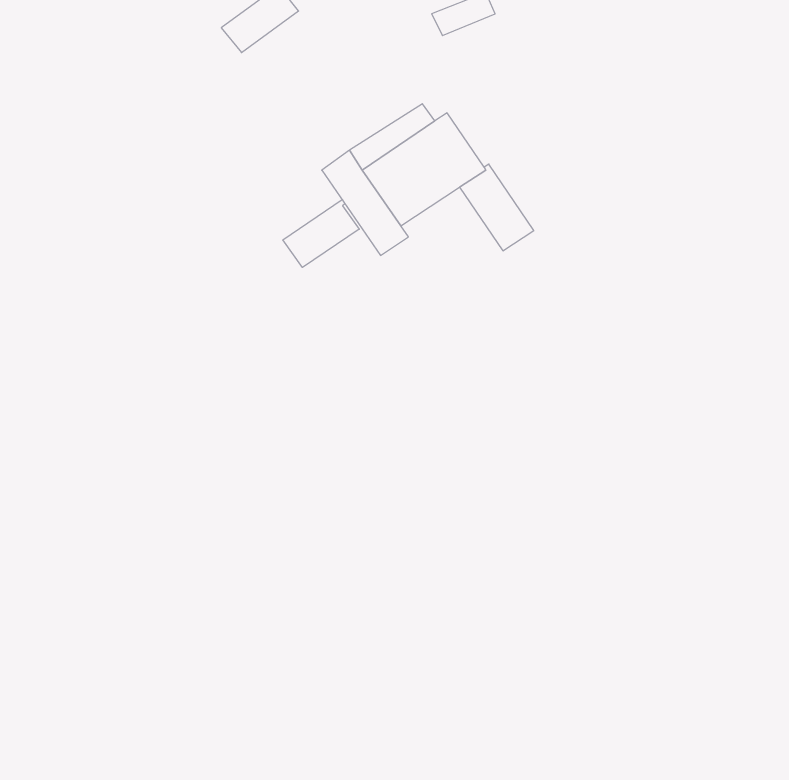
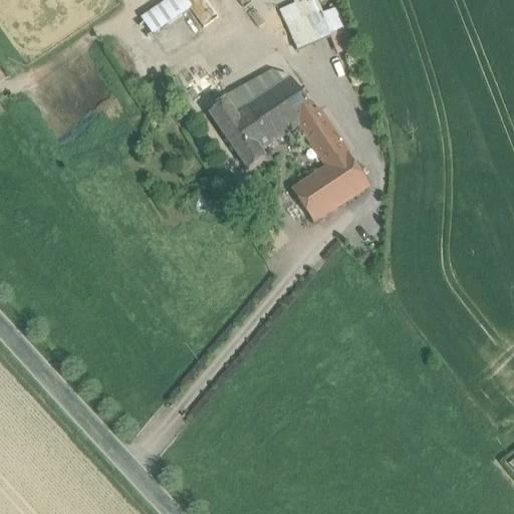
building: none -> [287,9,330,45]
building: [283,200,359,267] -> none
building: none -> [291,150,368,219]

